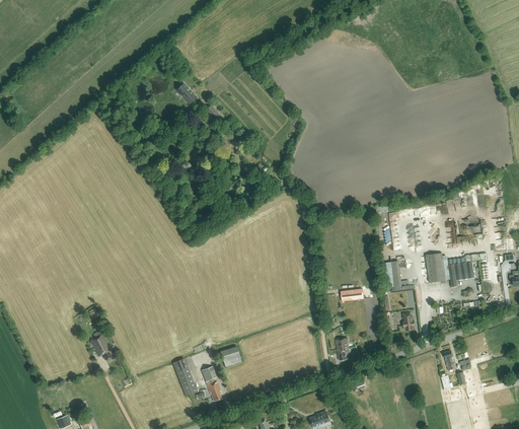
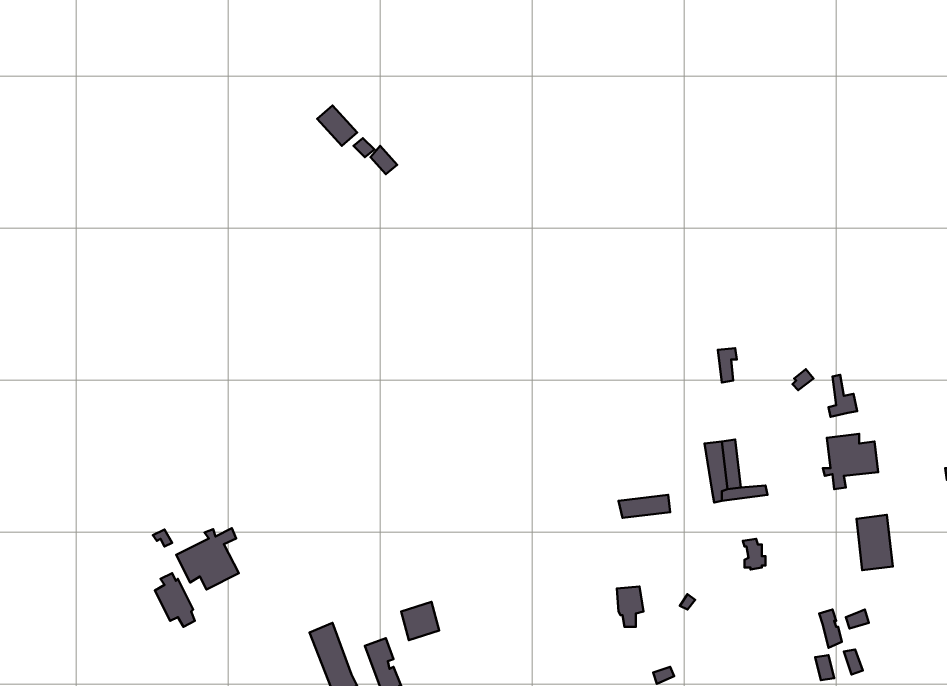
building: [426,253,445,282] -> [856,515,893,570]
building: none -> [176,528,239,590]

